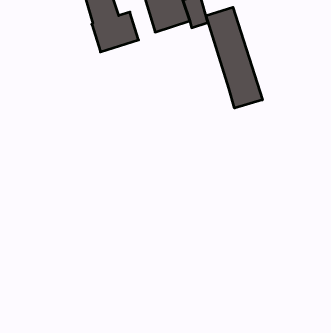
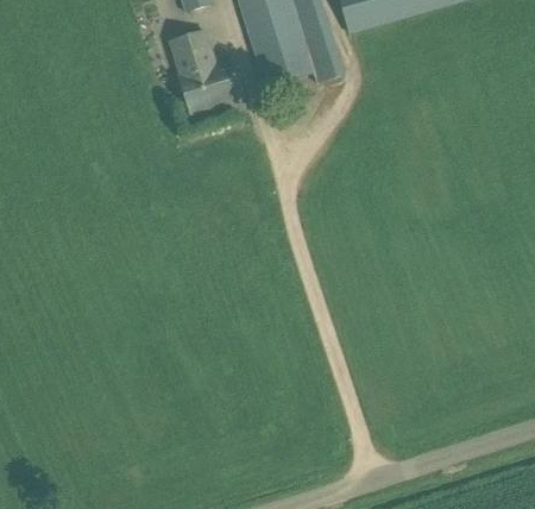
building: [206,7,262,108] -> none

